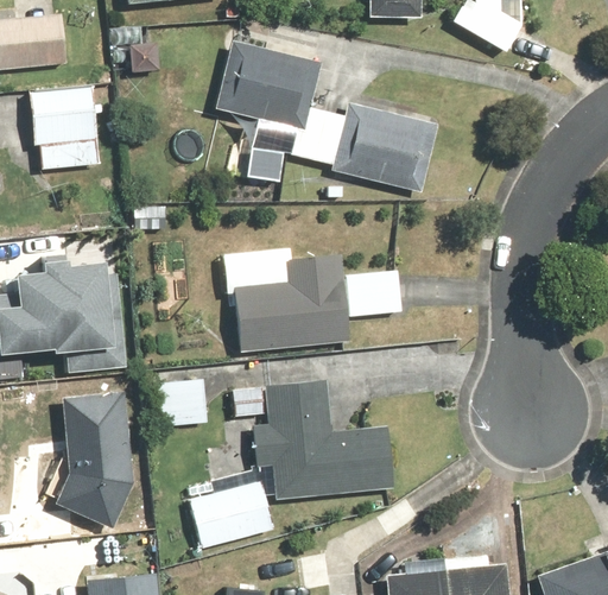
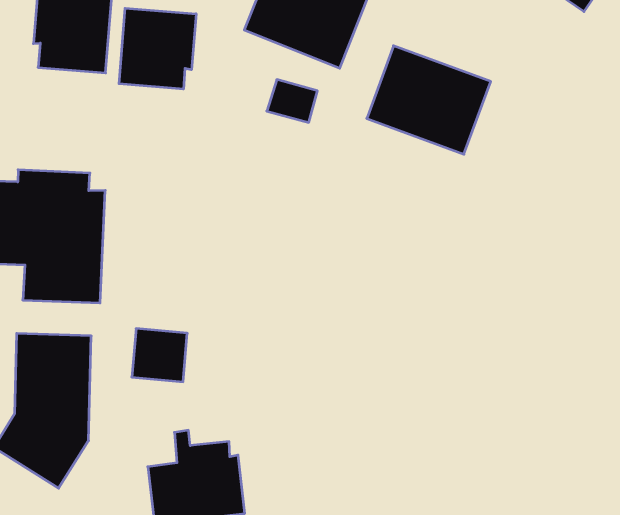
building: none -> [119,8,196,89]
building: [223,249,399,352] -> none
building: [253,381,393,498] -> none

